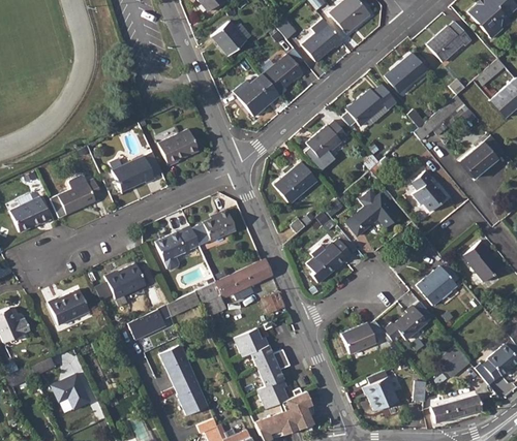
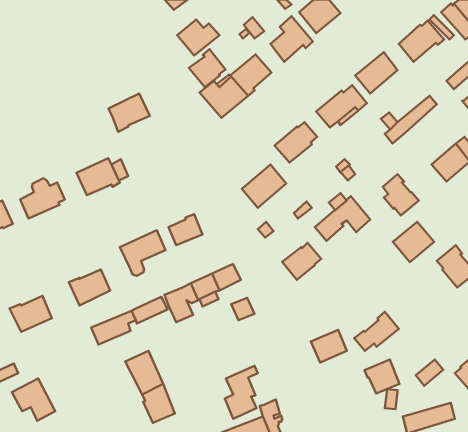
building: none -> [189,49,226,87]
building: [159,128,200,165] -> [108,94,150,132]
building: [417,265,457,305] -> [393,222,434,262]
building: [234,327,286,370] -> none
building: [364,377,398,410] -> [364,360,399,394]

